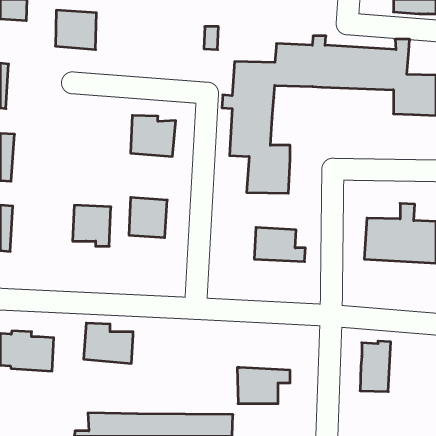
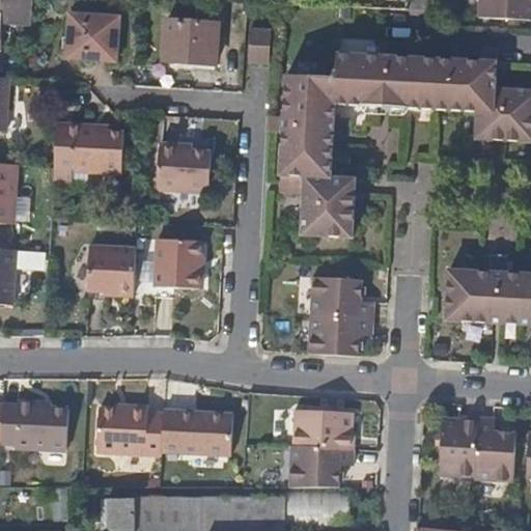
building: none -> [163,22,218,63]
building: none -> [53,121,123,185]
building: none -> [308,314,370,355]
building: none -> [160,407,231,453]
building: none -> [291,410,354,449]
building: none -> [472,415,513,480]

